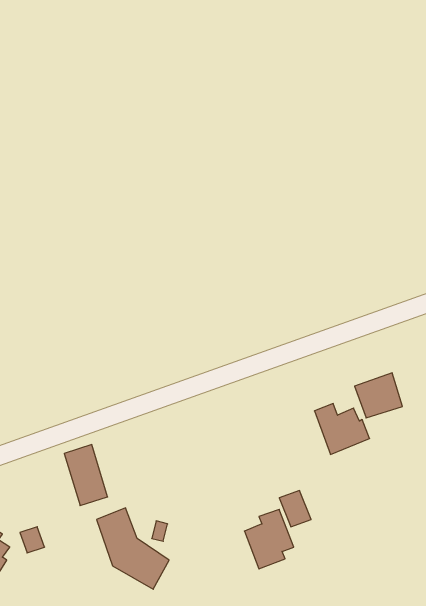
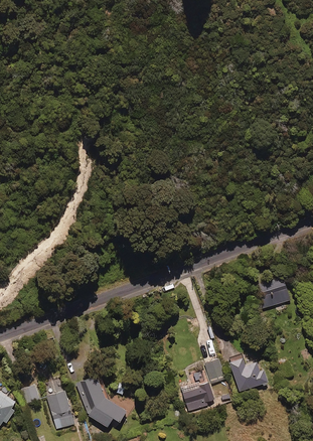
building: [314,404,370,454] -> [228,356,267,392]
building: [64,445,108,506] -> [46,389,76,431]

